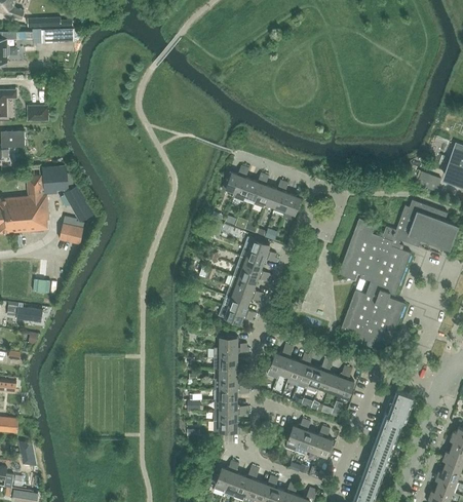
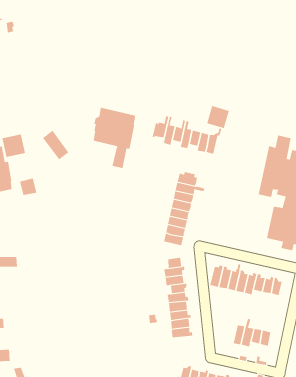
building: none -> [93,107,136,169]
building: none -> [206,105,230,129]
building: [64,185,94,222] -> [42,130,70,160]

